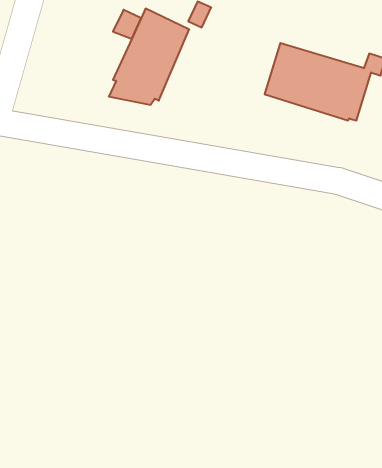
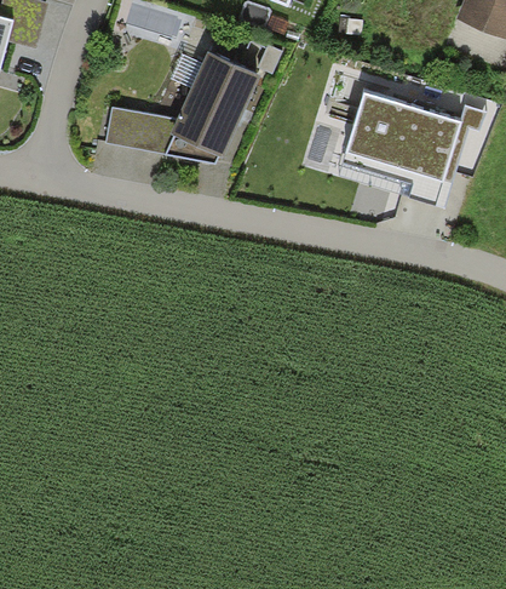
building: none -> [104,105,176,153]

